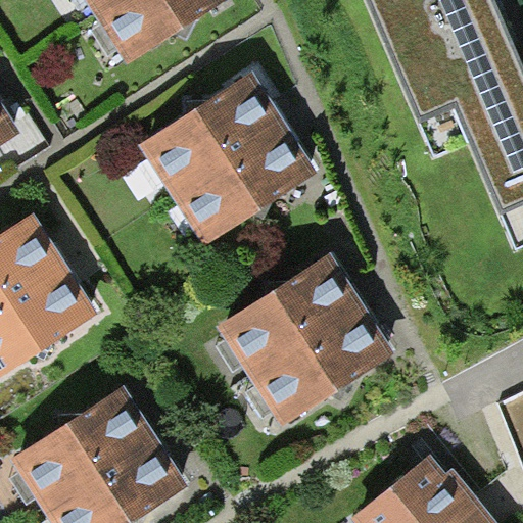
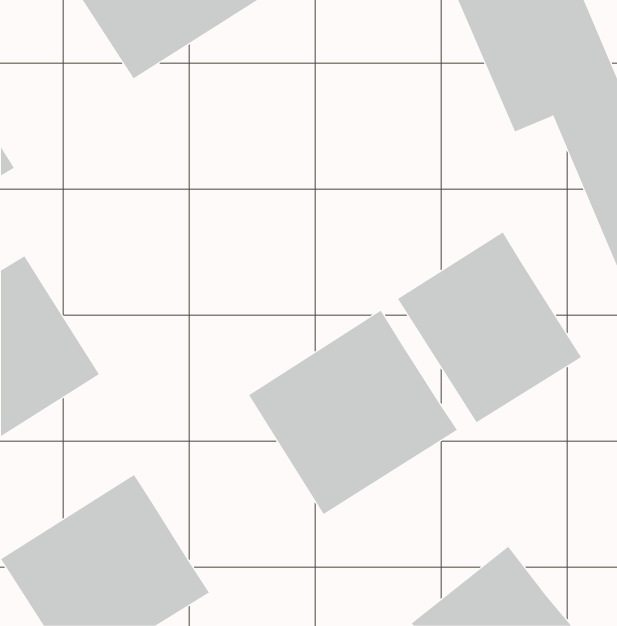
building: [141,75,314,243] -> none
building: none -> [397,232,582,423]

